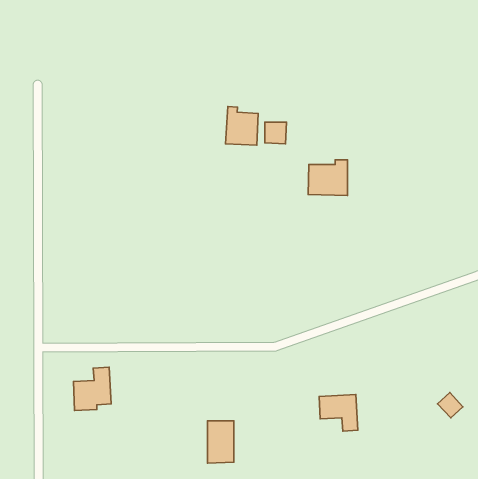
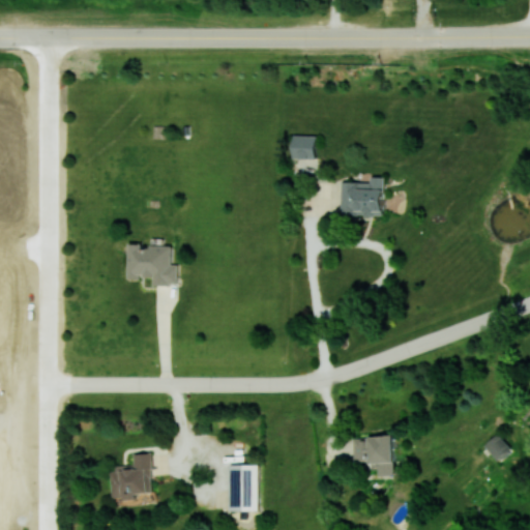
building: [225,106,258,145] -> none
building: none -> [126,244,177,286]
building: [74,367,111,411] -> [111,452,152,500]

